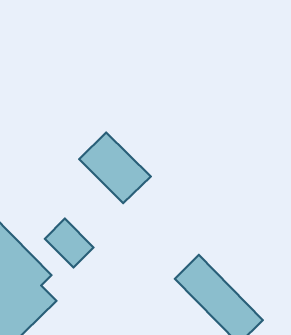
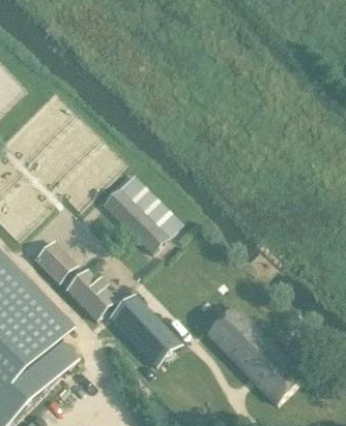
building: none -> [33,238,77,282]
building: none -> [108,292,182,367]

